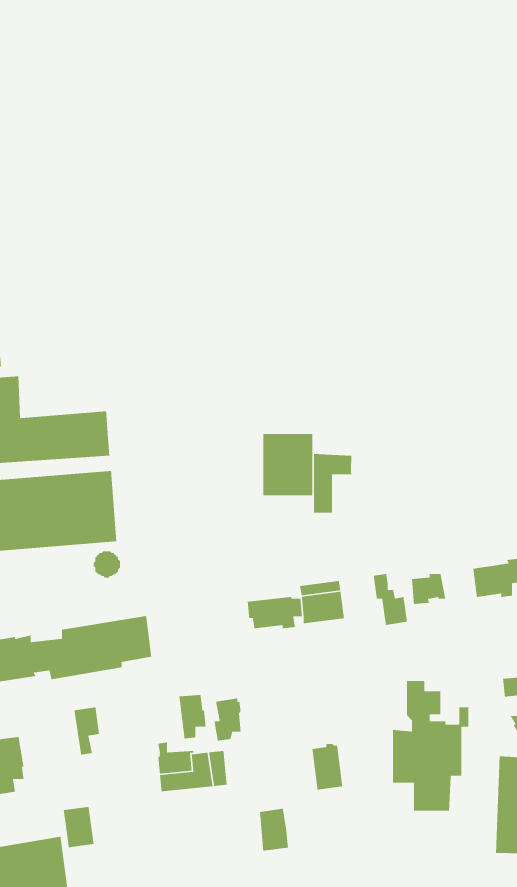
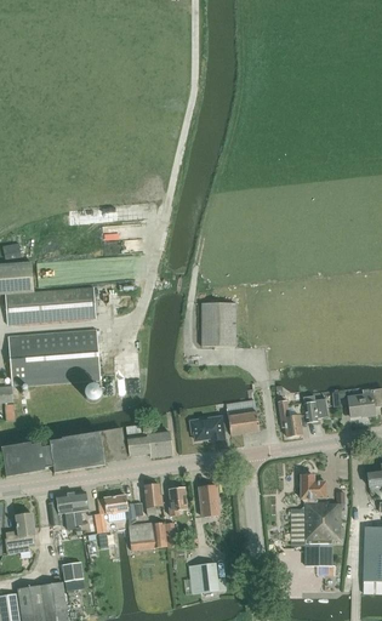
building: [313,453,352,513] -> none
building: none -> [125,423,172,457]
building: none -> [49,494,75,529]
building: none -> [95,494,136,532]
building: [312,743,343,790] -> [198,484,219,517]

